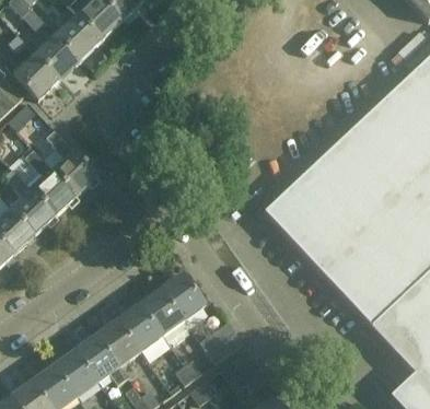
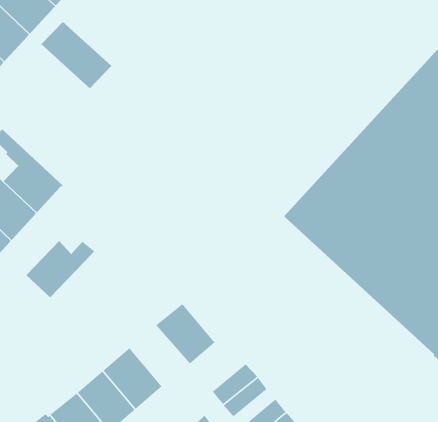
building: none -> [41,21,112,89]
building: none -> [25,240,95,298]
building: [140,288,193,346] -> none

